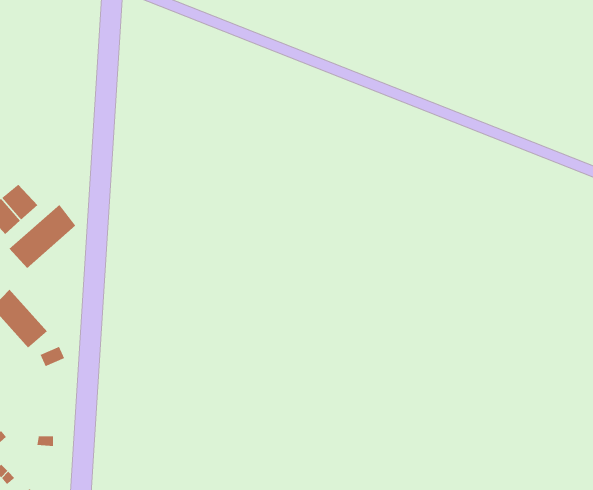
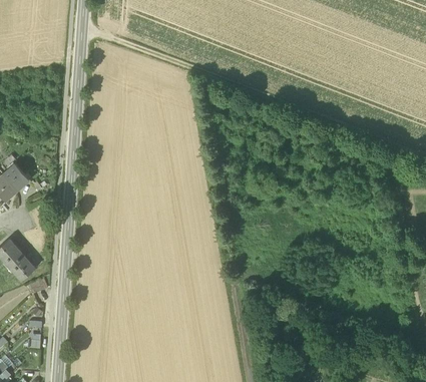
building: [8,204,76,269] -> none

